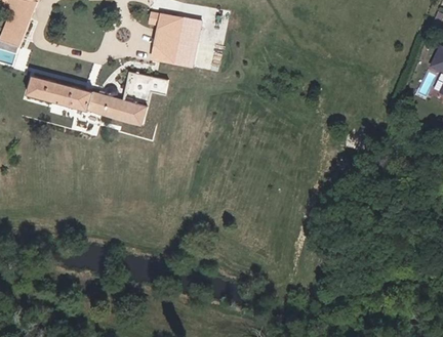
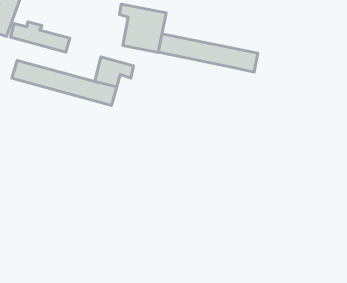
building: none -> [11,22,70,52]
building: none -> [159,34,258,72]

